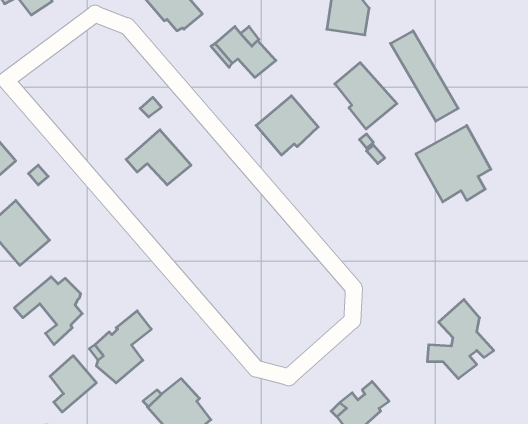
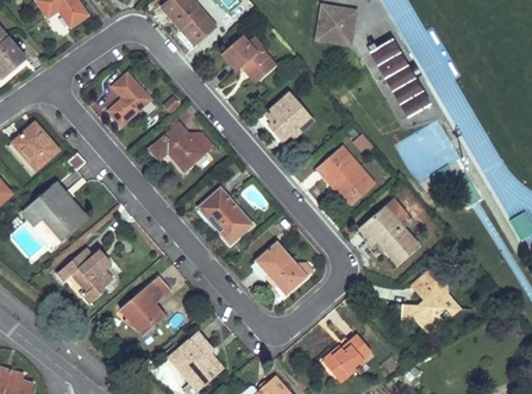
building: [335,63,397,129] -> [321,149,374,205]
building: none -> [108,74,150,125]
building: none -> [198,188,252,244]
building: none -> [356,207,418,264]
building: none -> [256,244,306,294]
building: [50,356,96,412] -> none

